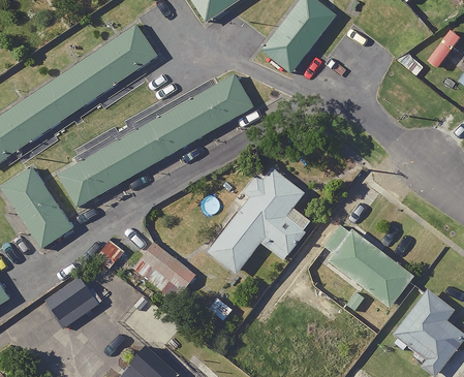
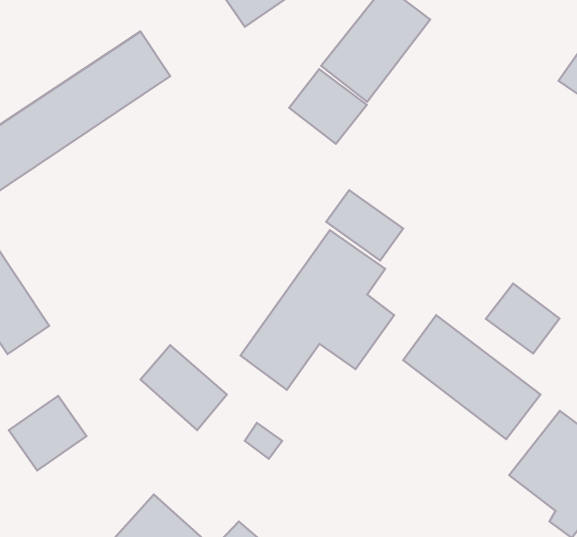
building: none -> [289,69,367,144]
building: [58,73,251,209] -> none
building: none -> [326,190,403,260]
building: none -> [486,284,559,353]

